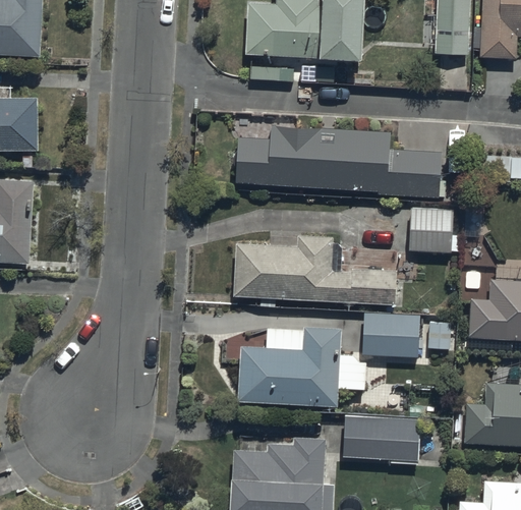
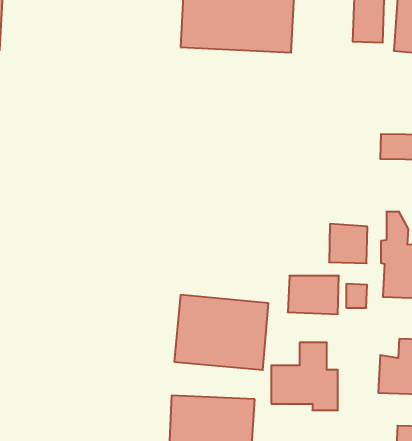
building: [235,124,440,199] -> none
building: [408,207,451,250] -> [329,224,367,263]
building: [232,234,397,309] -> none

